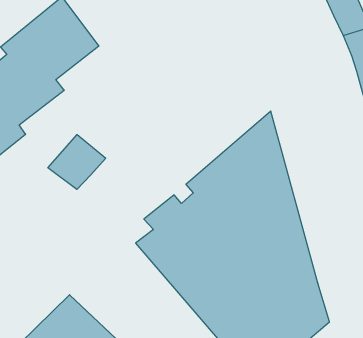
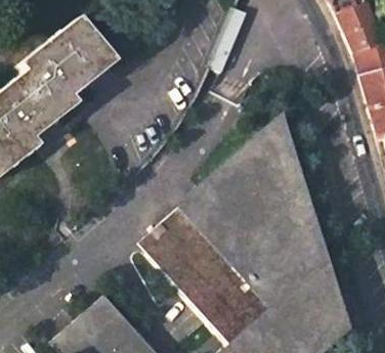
building: [48,135,106,189] -> none

